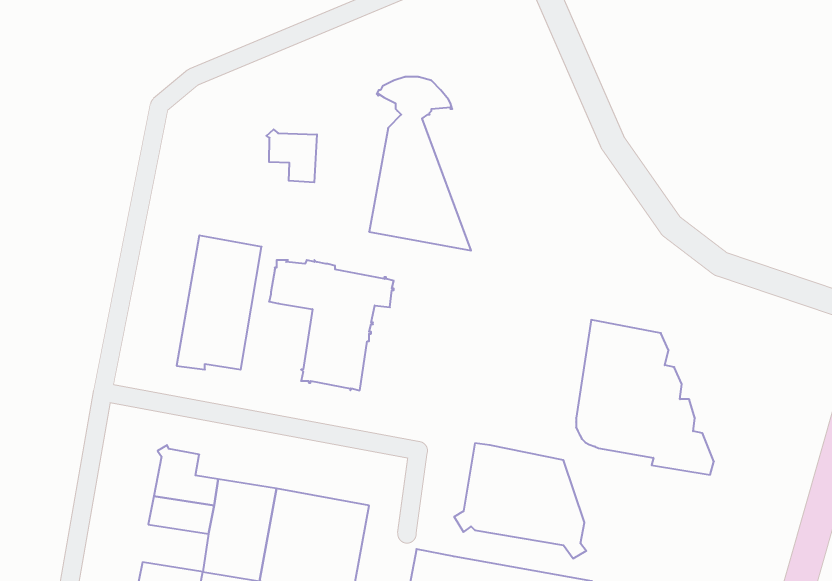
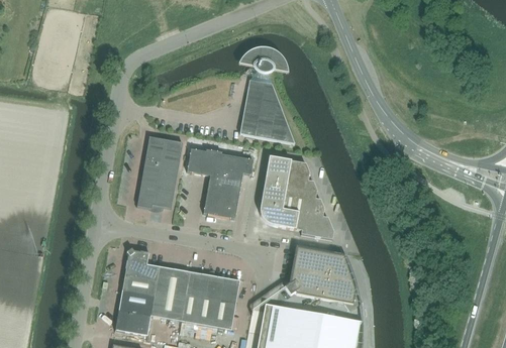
building: [266,129,317,182] -> none
building: [576,320,714,475] -> [261,156,334,239]
building: none -> [119,291,155,316]

